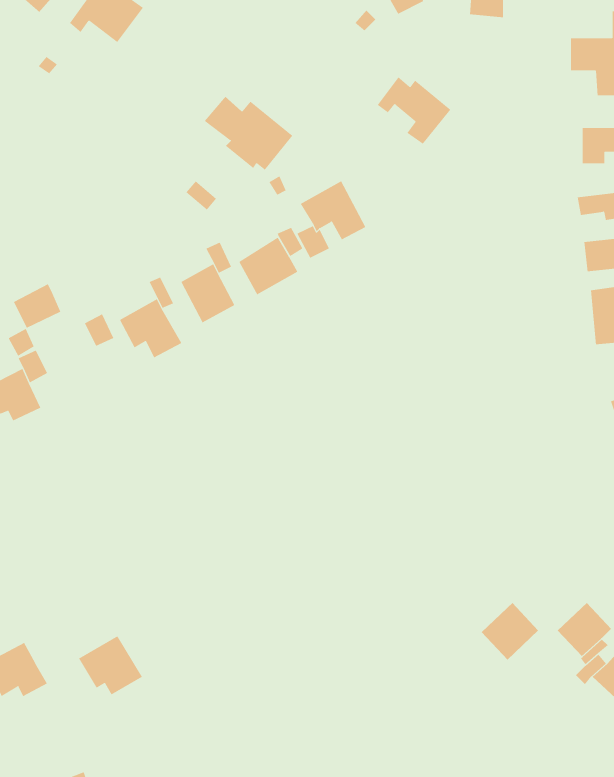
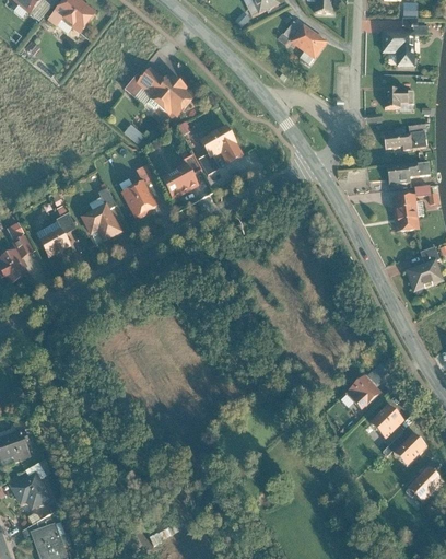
building: [377,77,451,145] -> [280,21,329,66]
building: [13,284,61,328] -> [38,226,70,256]
building: [481,602,539,660] -> [343,373,382,411]
building: [78,635,143,695] -> [11,470,54,510]

